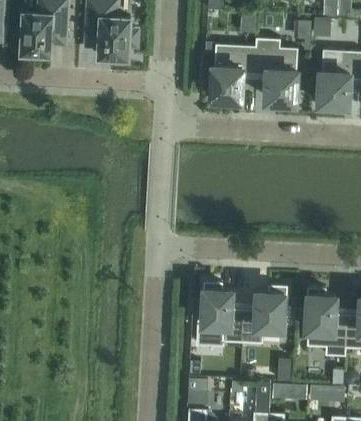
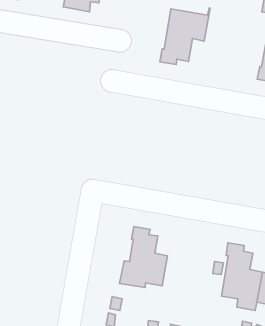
building: [255,38,298,107] -> none
building: [242,285,287,343] -> none

